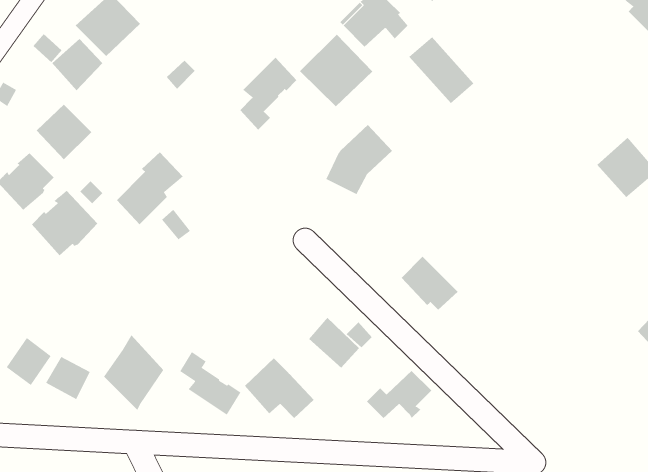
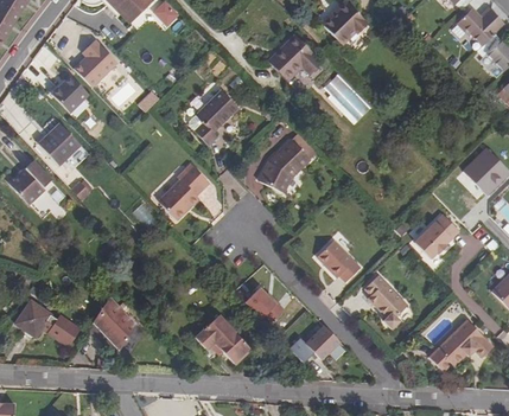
building: [299,34,373,107] -> none
building: [116,151,183,225] -> [159,164,210,219]
building: [31,190,98,256] -> none
building: none -> [413,211,458,256]
building: none -> [363,274,405,327]
building: [180,351,241,416] -> none
building: none -> [428,318,494,370]

